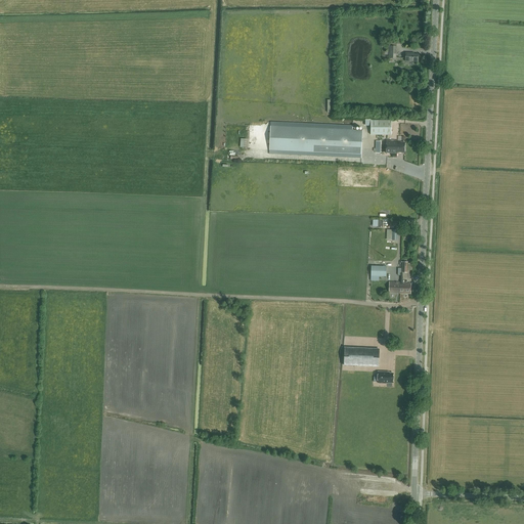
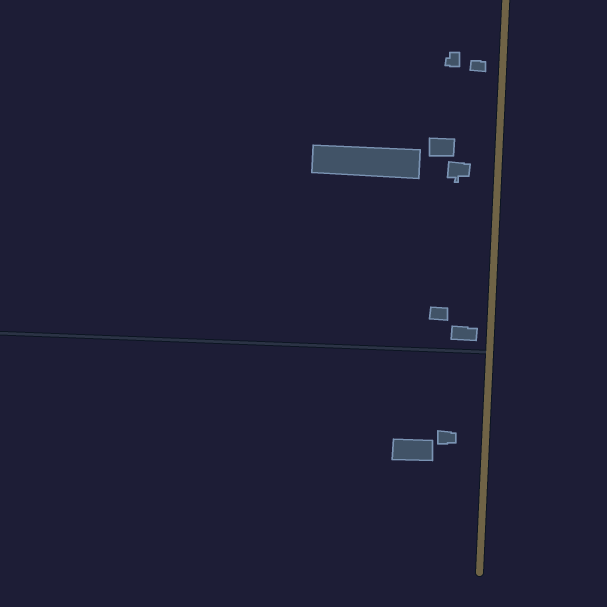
building: [343,347,378,365] -> [392,439,433,461]

